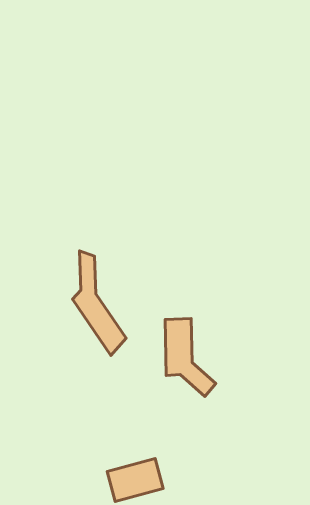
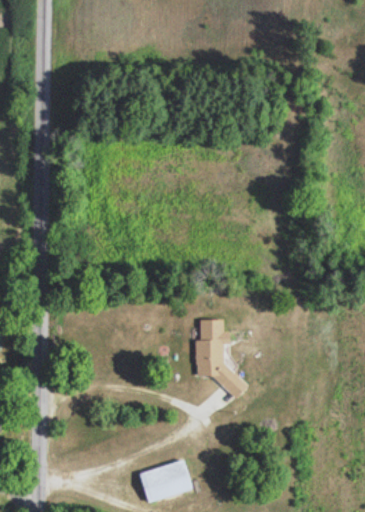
building: [72,251,126,355] -> none

